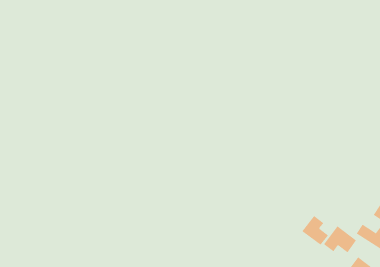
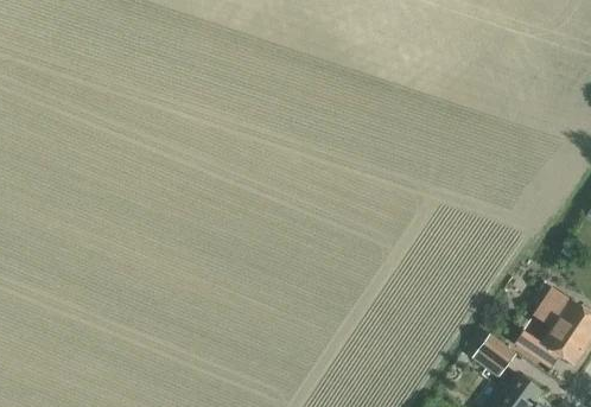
building: [302,215,329,246] -> none

